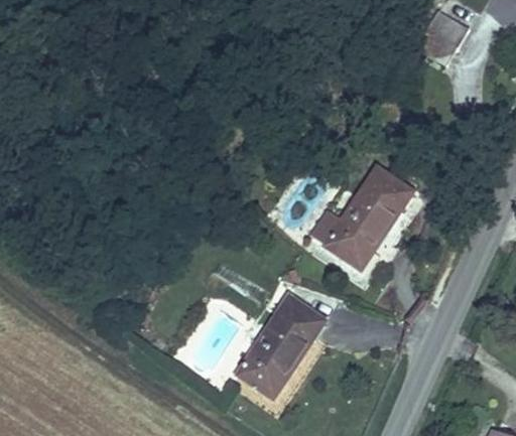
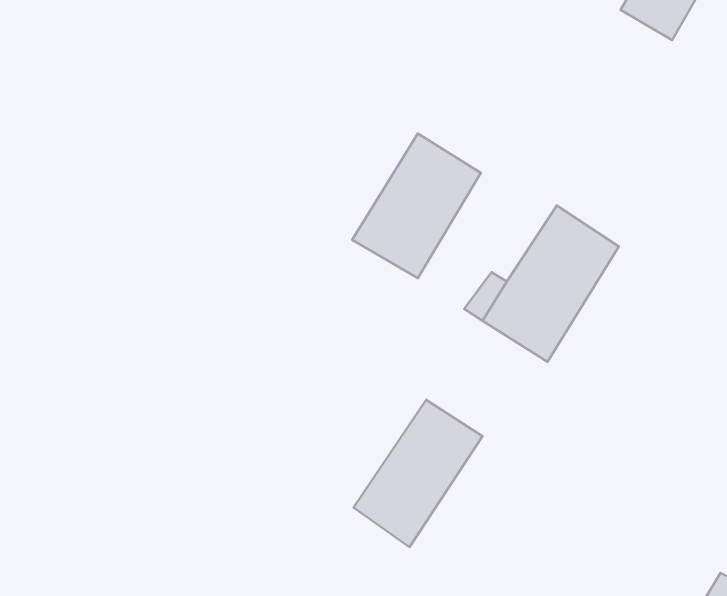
building: none -> [352,134,481,278]

